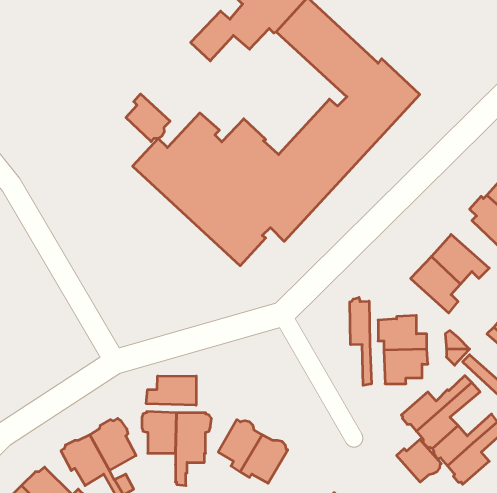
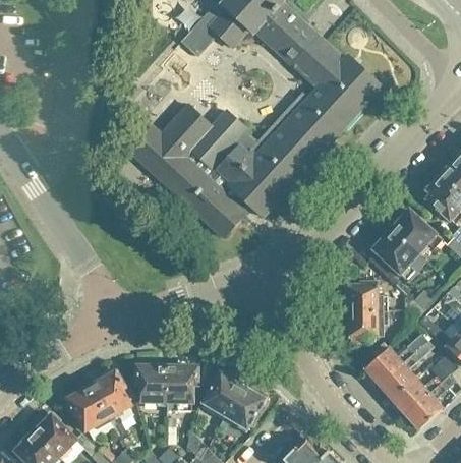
building: [126,94,170,142] -> none
building: [350,297,371,385] -> none
building: [146,376,196,405] -> none
building: [397,439,441,482] -> none

